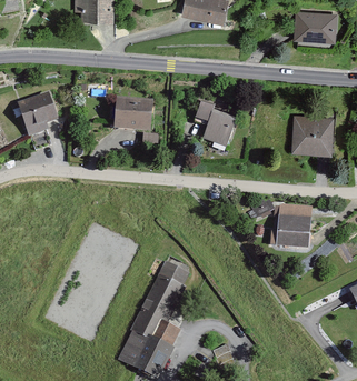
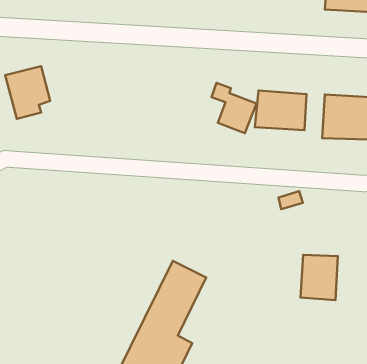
building: [116,98,152,133] -> none
building: none -> [255,90,306,130]
building: [278,207,310,245] -> [301,255,338,300]

